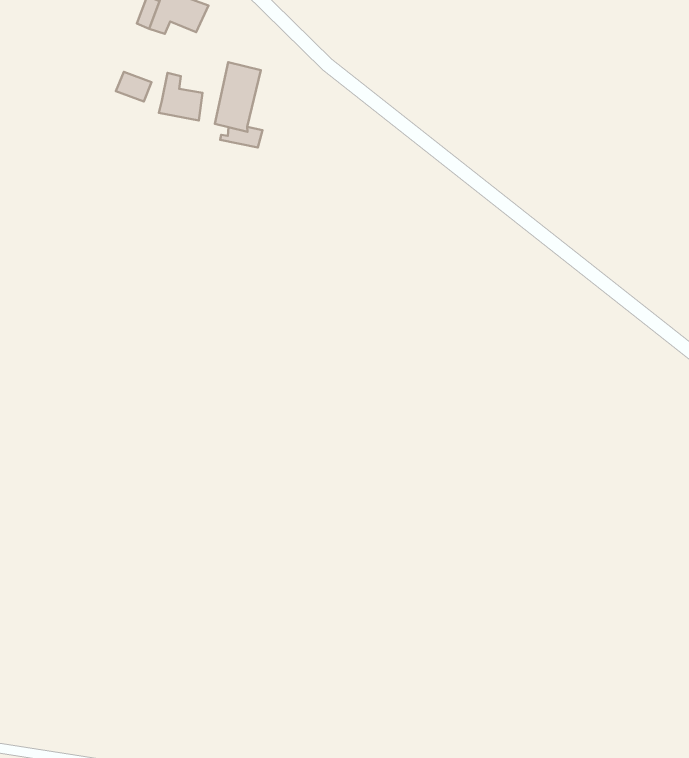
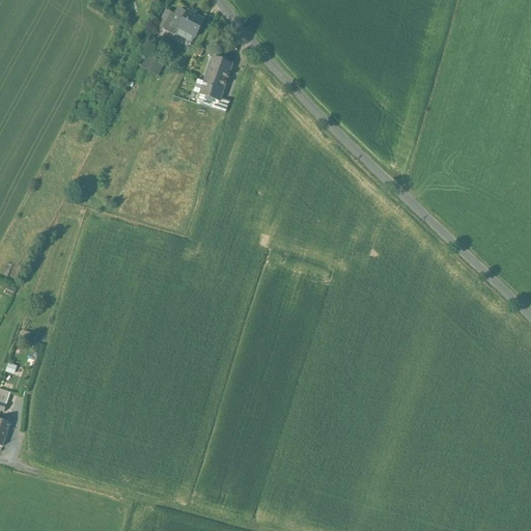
building: [159,73,203,121] -> none

